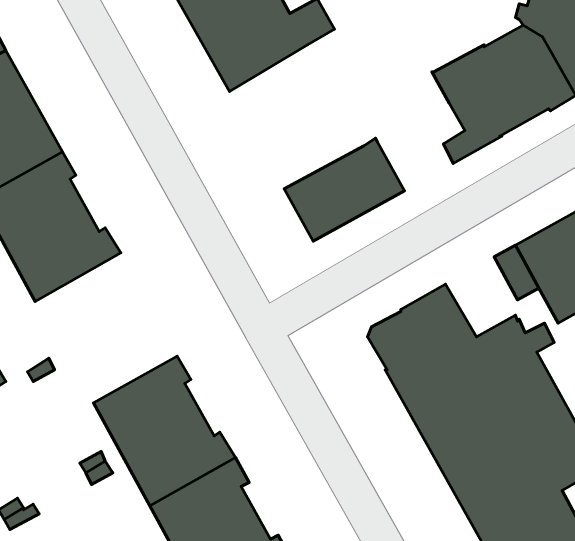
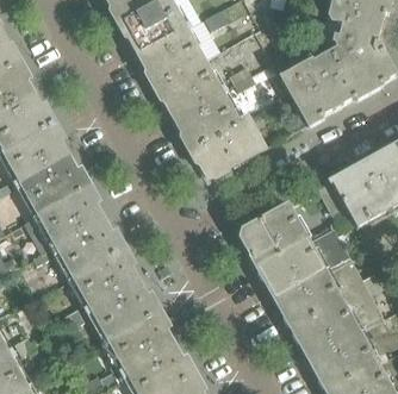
building: none -> [156,57,255,145]
building: none -> [37,185,124,276]

